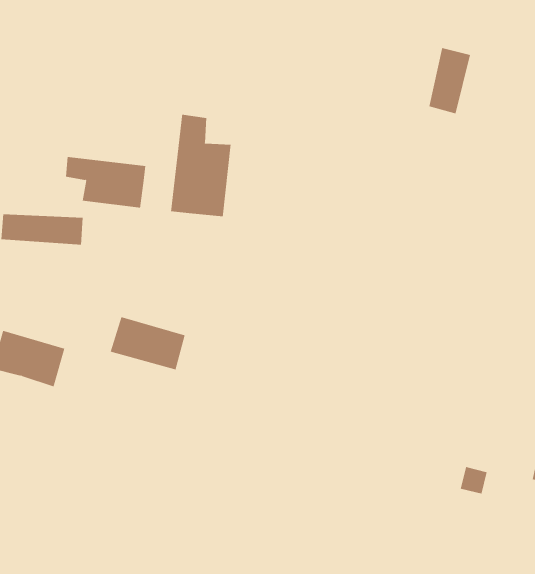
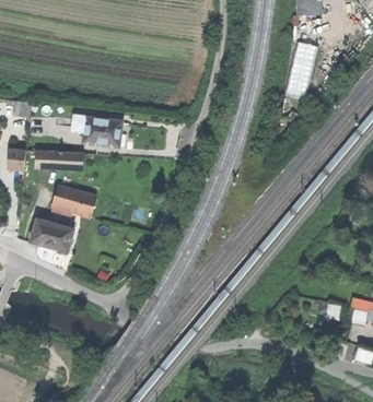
building: [170,114,231,217] -> none
building: [110,317,185,370] -> [51,186,96,217]

